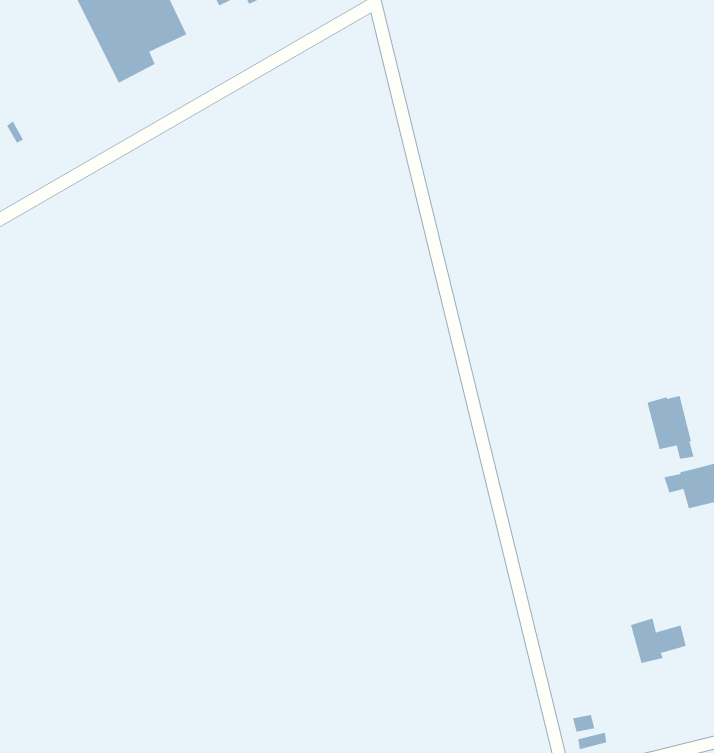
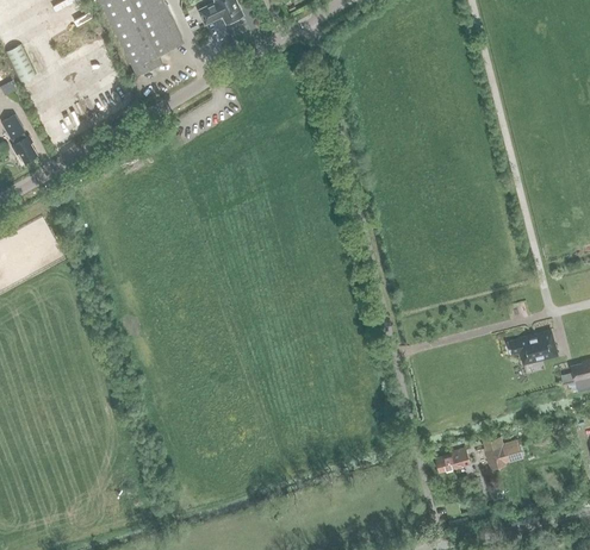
building: [647,395,694,459] -> none
building: none -> [435,448,471,473]

